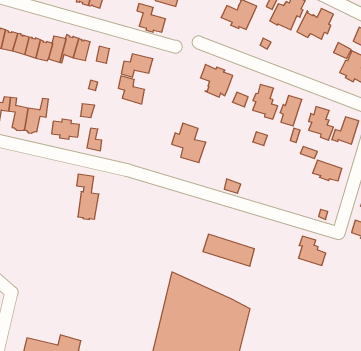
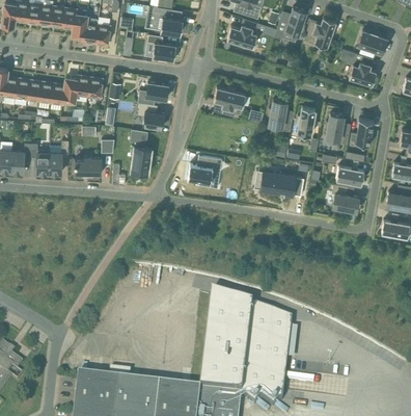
building: [77,174,99,219] -> [130,134,153,177]
building: [203,234,254,266] -> [254,168,304,194]
building: [298,236,326,265] -> [332,183,359,209]

